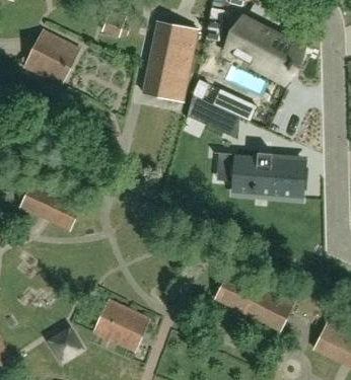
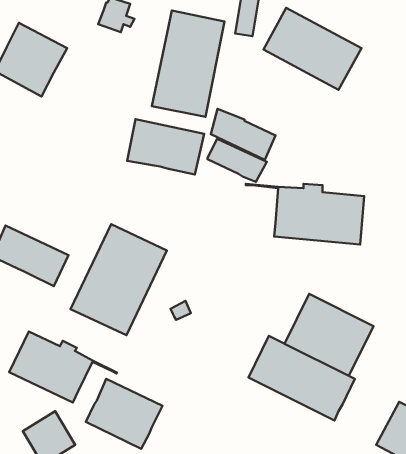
building: [212,89,257,122] -> [208,139,267,182]
building: none -> [127,119,204,174]
building: none -> [71,224,167,335]
building: none -> [285,294,374,376]
building: none -> [9,332,117,403]

